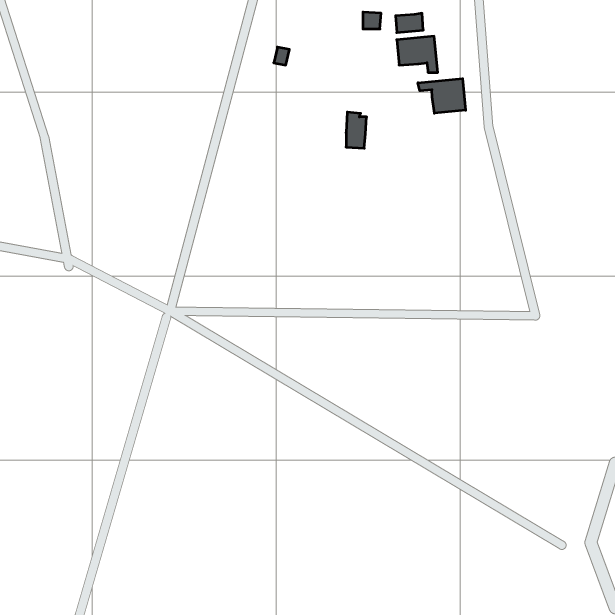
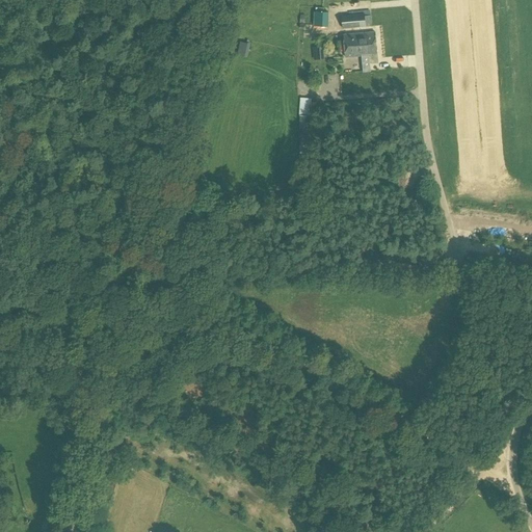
building: [418,79,466,113] -> none

